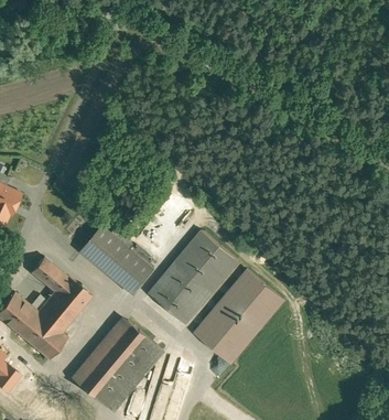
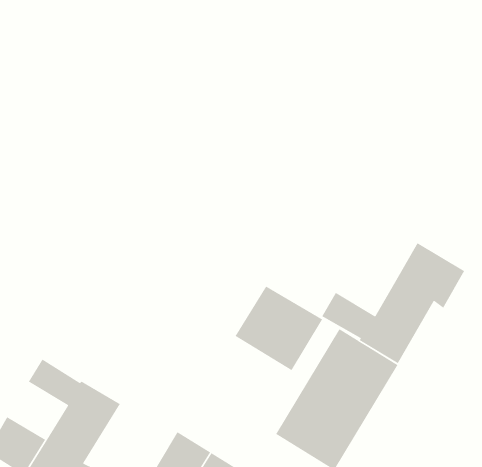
building: none -> [321,242,465,364]
building: [80,226,153,295] -> none
building: [149,262,210,324] -> none

